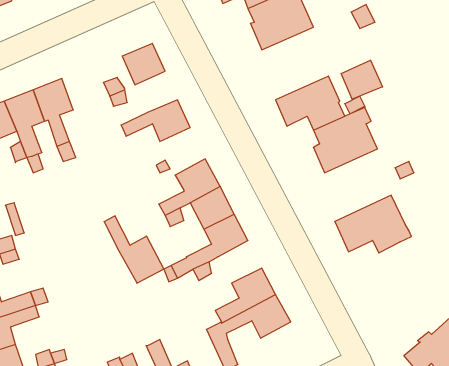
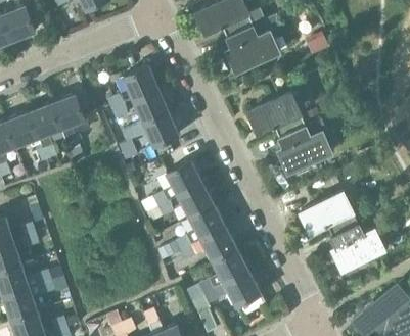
building: [341,60,383,99] -> none
building: none -> [134,90,169,124]
building: [104,216,164,283] -> none
building: none -> [332,225,384,275]
building: none -> [201,228,237,262]

